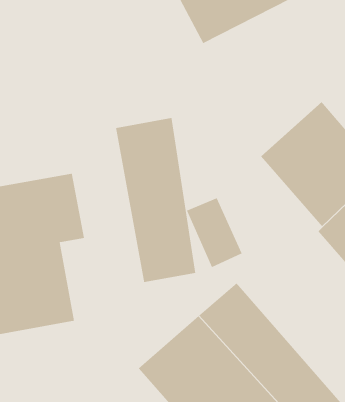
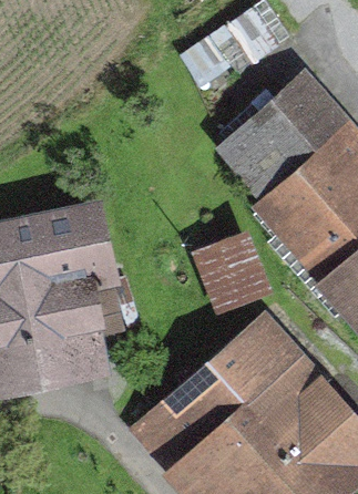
building: none -> [228,88,347,202]
building: [116,117,196,283] -> none

